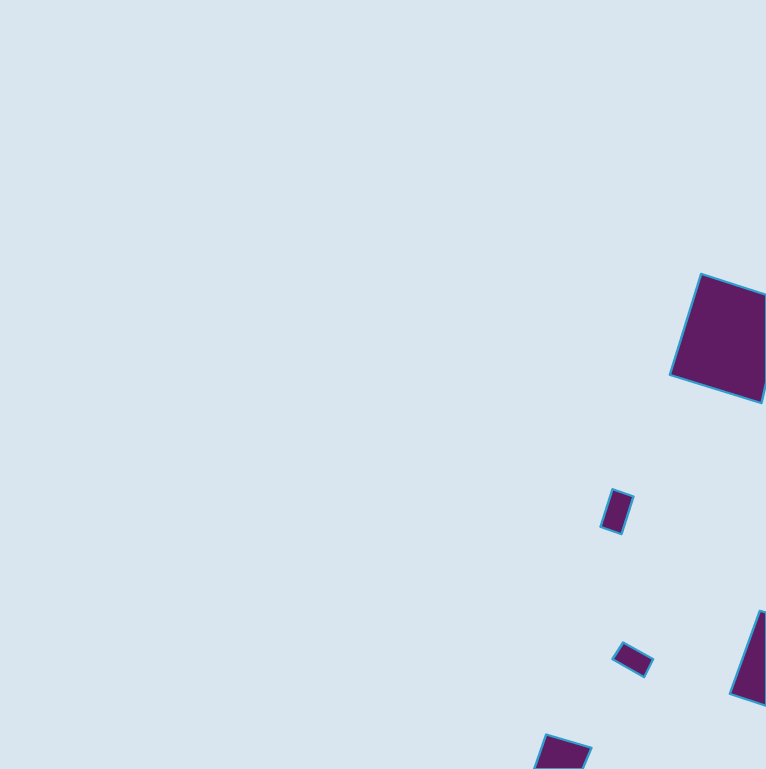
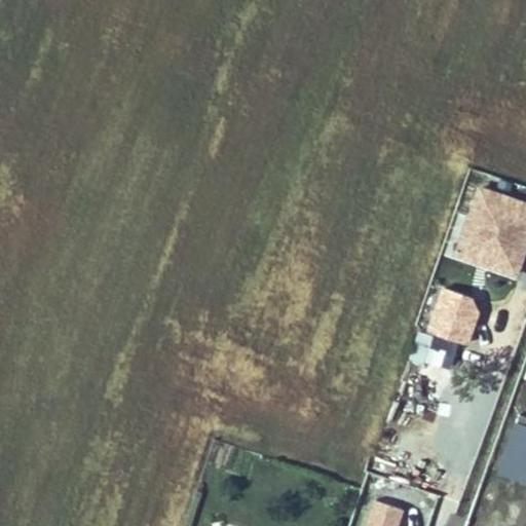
building: none -> [430,292,479,344]

